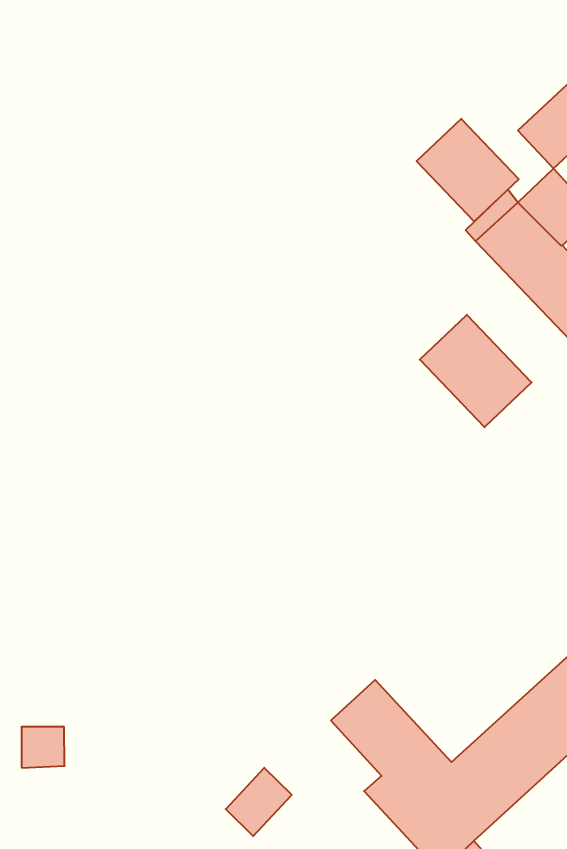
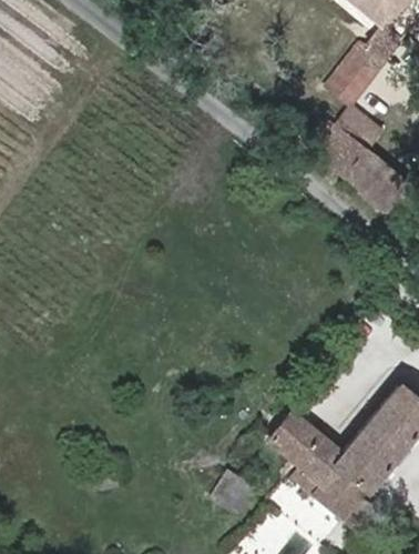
building: [417,119,519,222] -> none
building: [420,315,532,427] -> none

